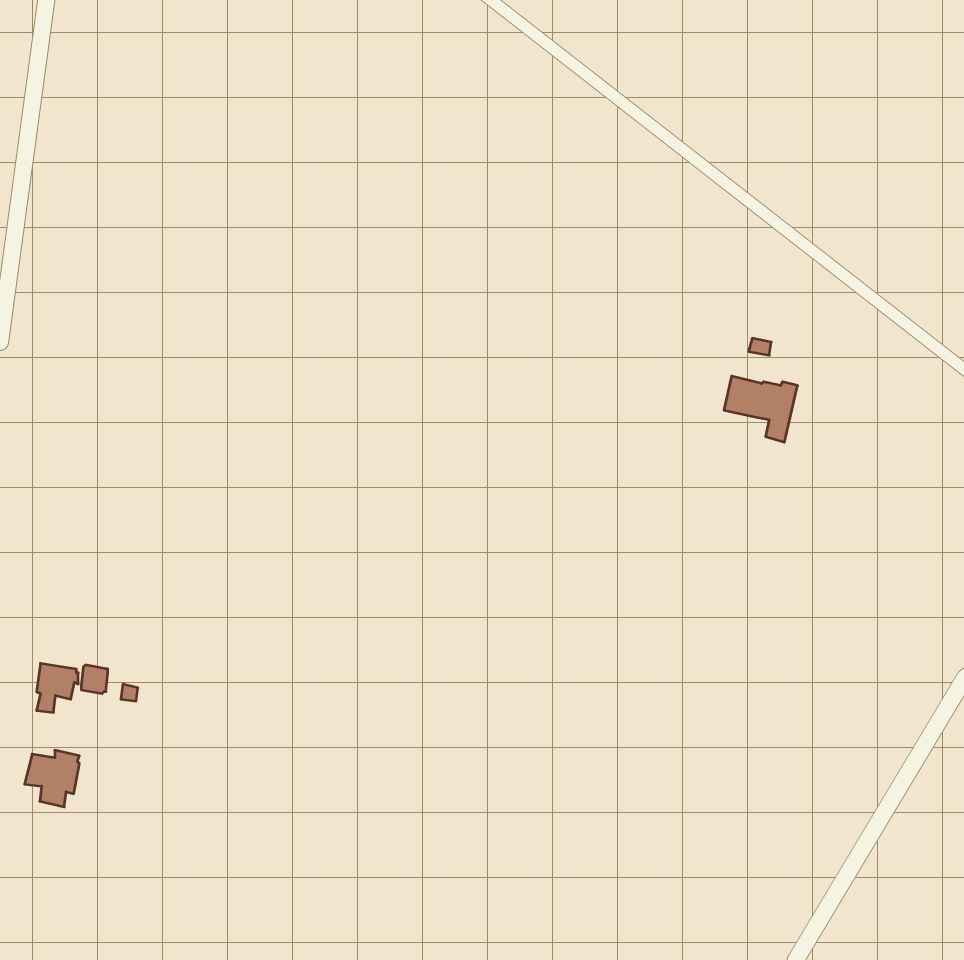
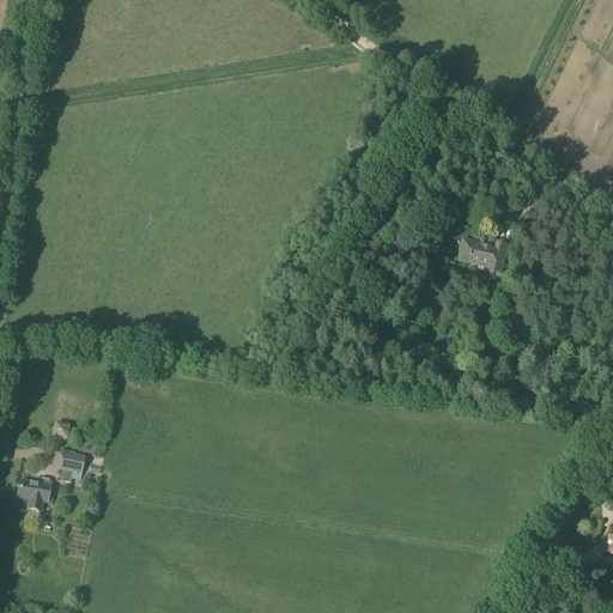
building: [37,663,78,712] -> [60,450,86,481]

